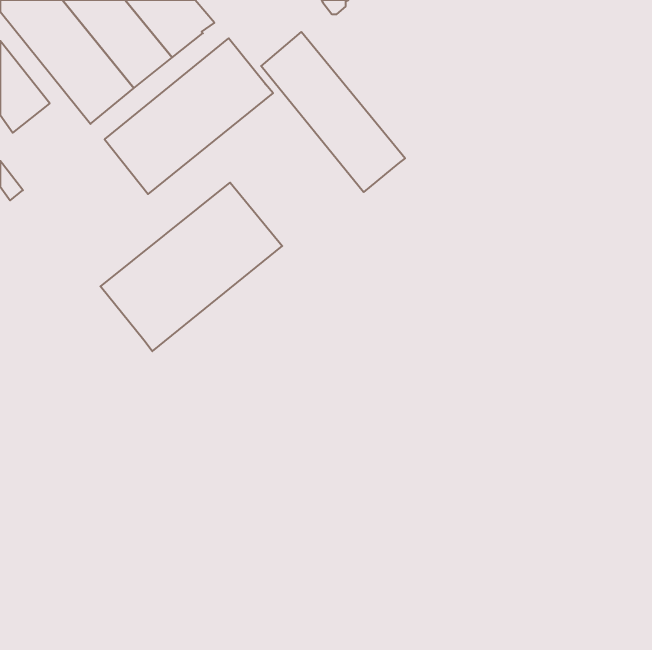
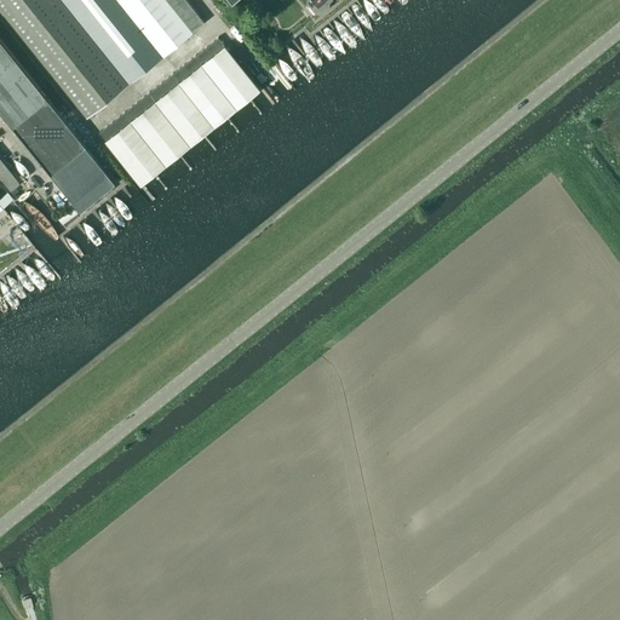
building: [261,32,405,192] -> none
building: none -> [12,101,115,212]
building: [100,183,282,351] -> none

